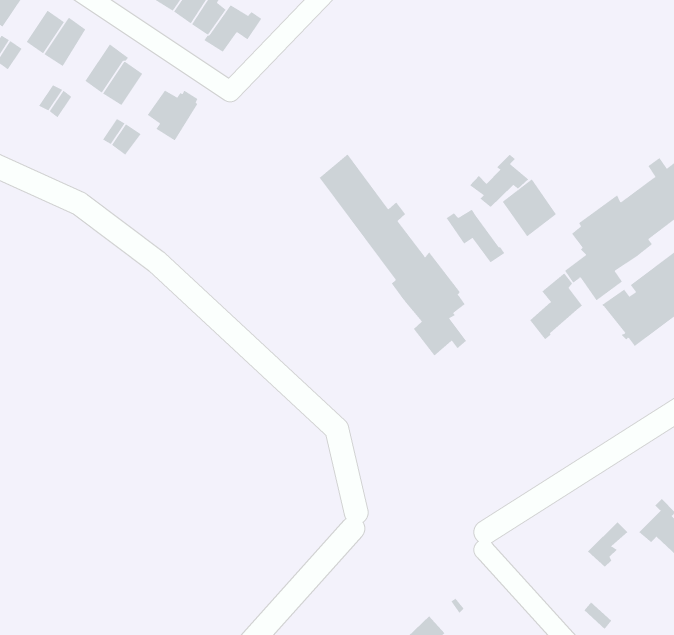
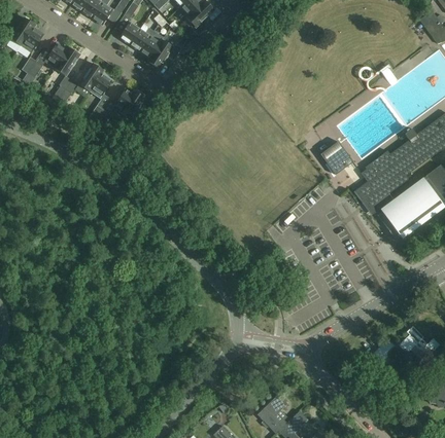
building: [319,154,467,356] -> none
building: [469,154,529,208] -> none
building: [446,209,505,263] -> none
building: [530,273,583,340] -> none

